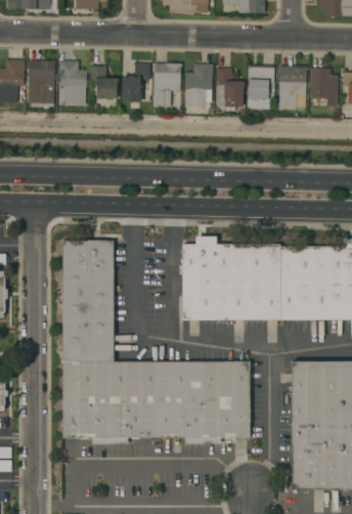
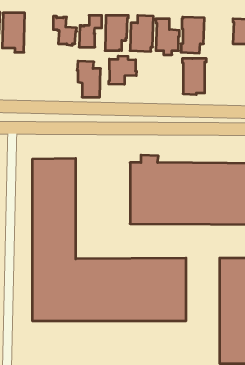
building: [57,60,86,104] -> [77,61,101,97]
building: [277,66,307,110] -> [182,59,206,95]
building: none -> [109,56,136,84]

